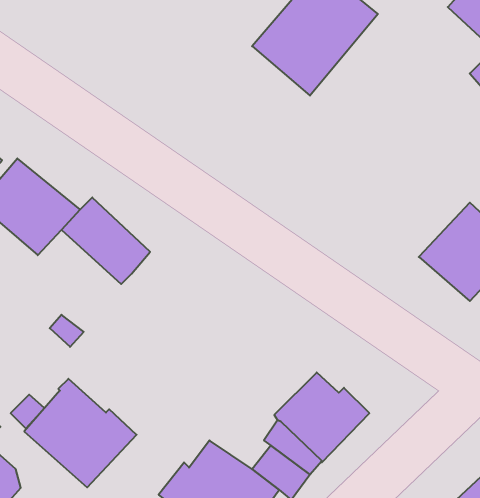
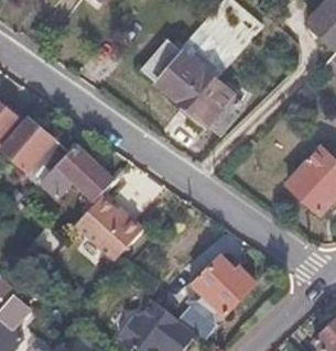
building: none -> [140,36,241,135]
building: [24,379,137,487] -> [73,194,145,264]

